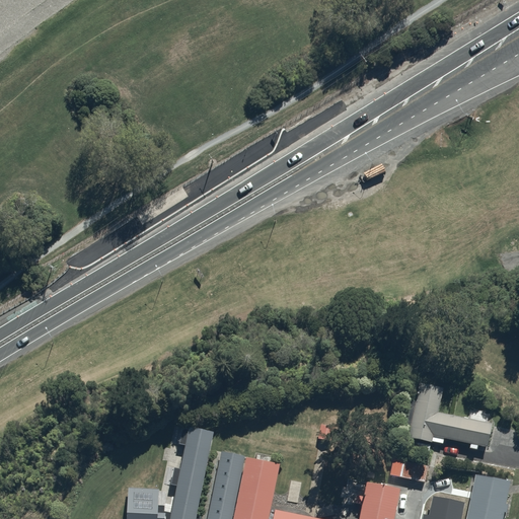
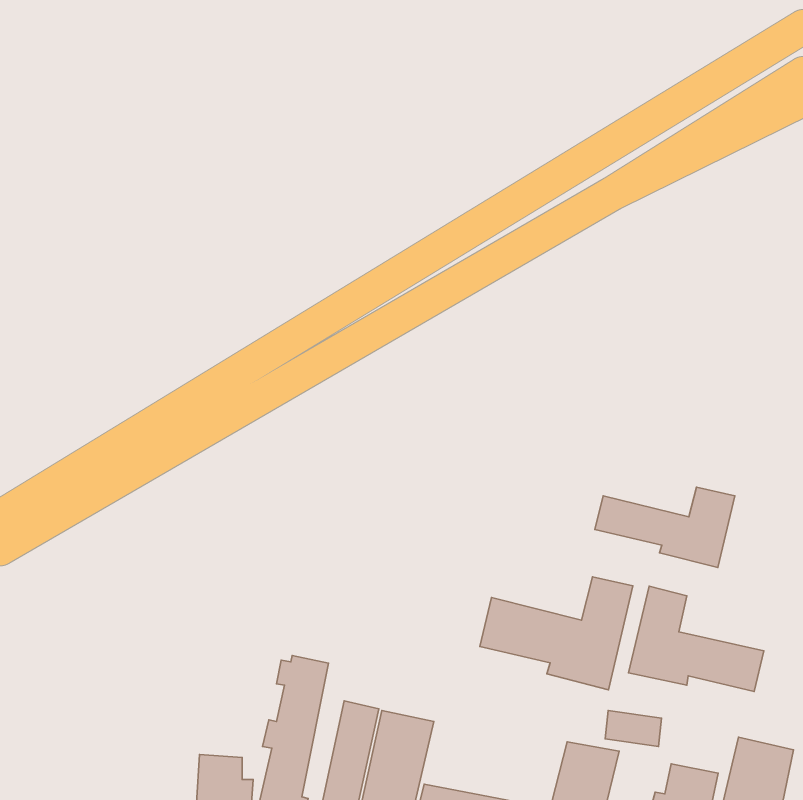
building: none -> [595,487,735,568]
building: none -> [480,577,633,690]

